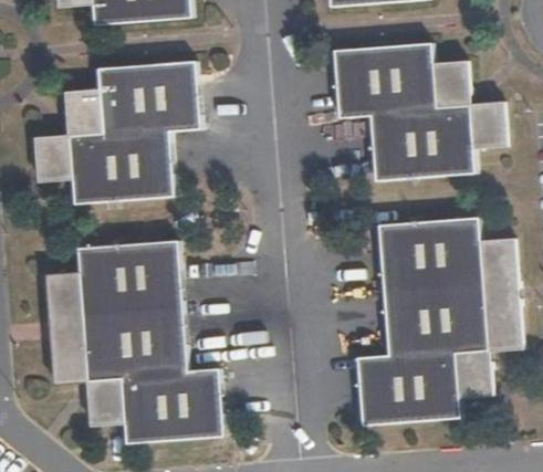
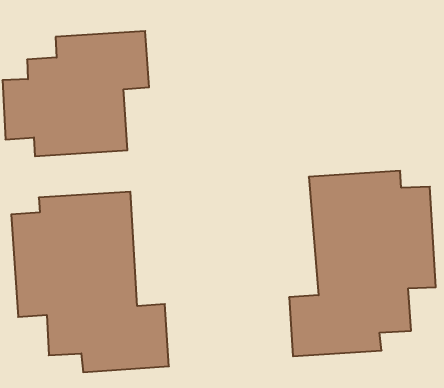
building: [333,42,507,180] -> none

